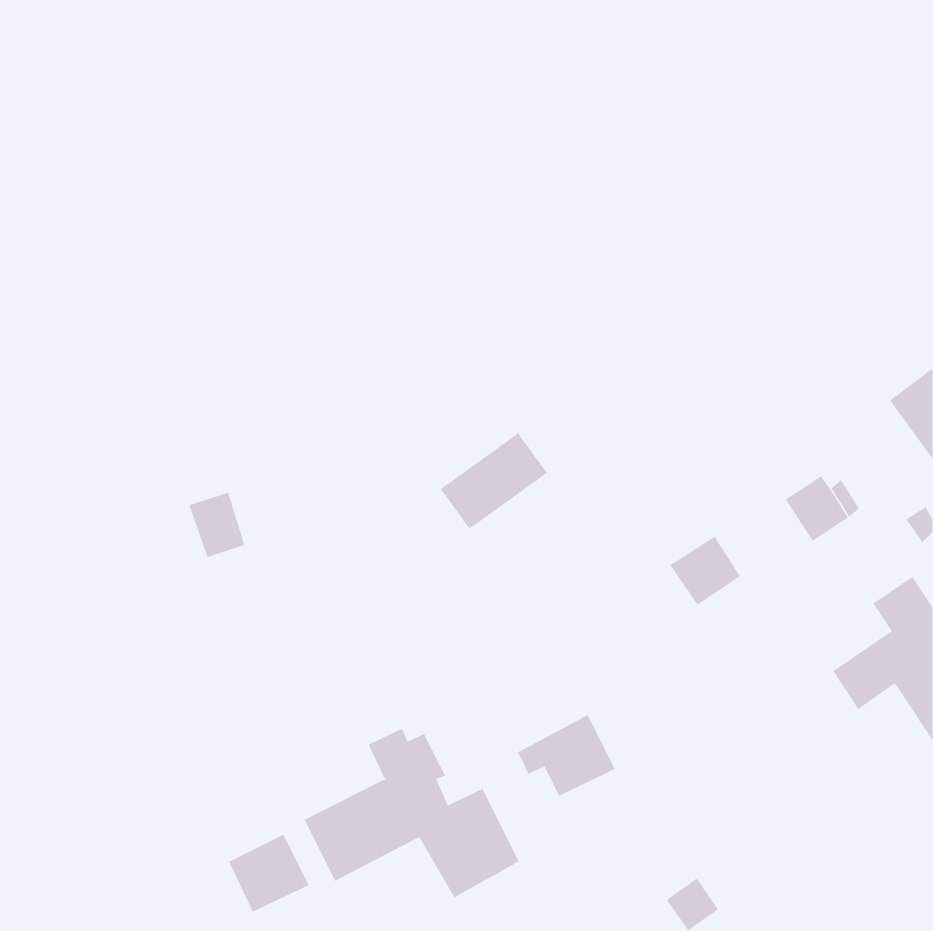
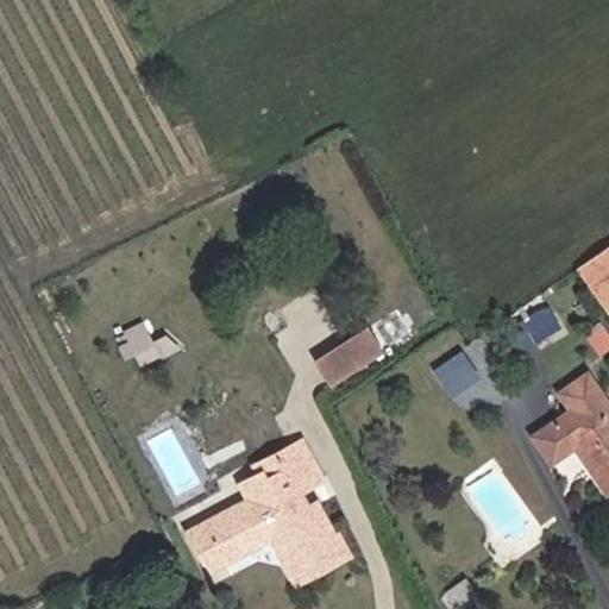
building: [440,433,548,530] -> [313,324,383,387]
building: [517,714,616,796] -> [258,445,322,498]
building: [229,834,309,912] -> none

